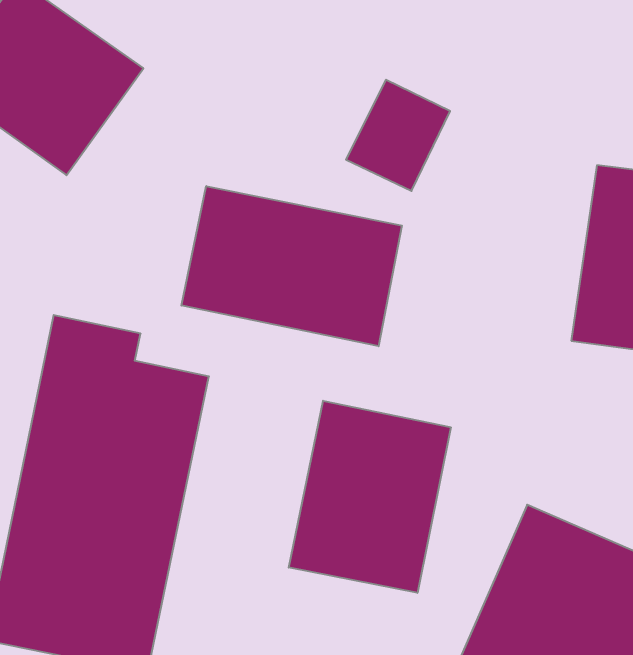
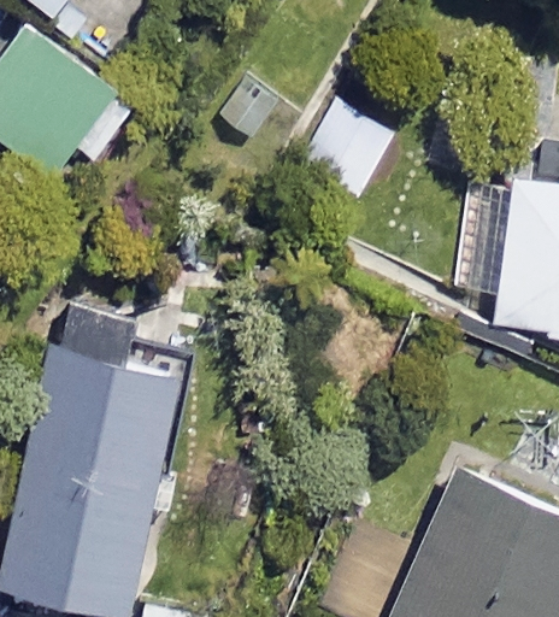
building: [181,186,402,346] -> none
building: [289,401,451,593] -> none

